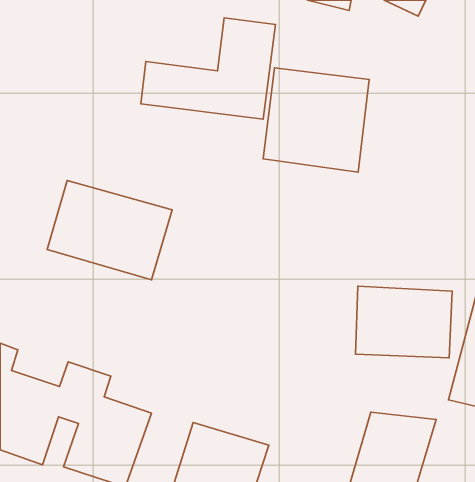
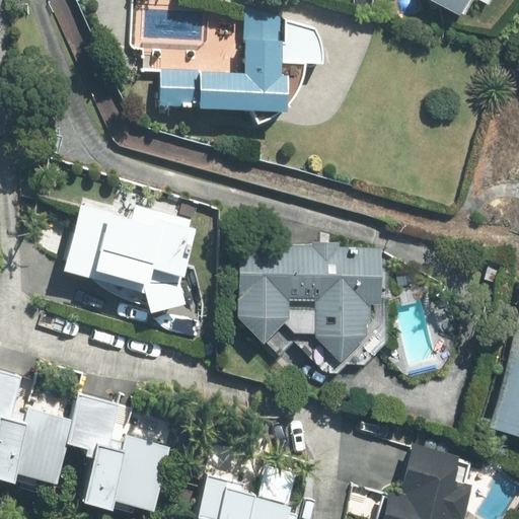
building: [263,68,369,172] -> none
building: none -> [239,245,392,366]
building: [355,286,452,358] -> none

